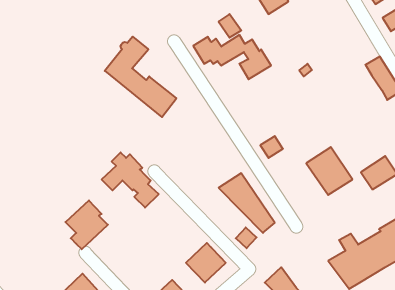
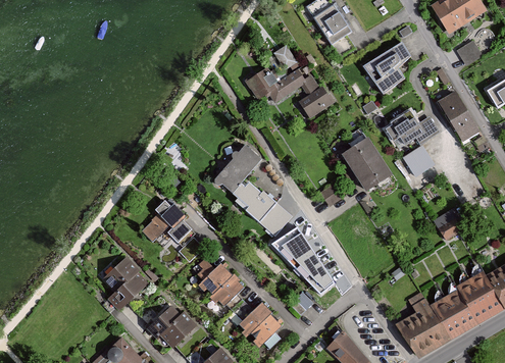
building: none -> [361,43,410,97]
building: [105,37,176,117] -> [211,146,292,237]
building: none -> [385,110,425,147]
building: none -> [402,147,435,179]
building: [306,147,352,195] -> [340,138,392,192]
building: none -> [193,259,244,307]
building: none -> [146,304,197,348]

